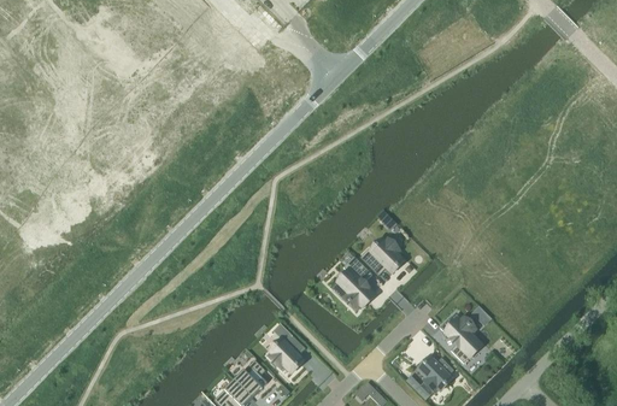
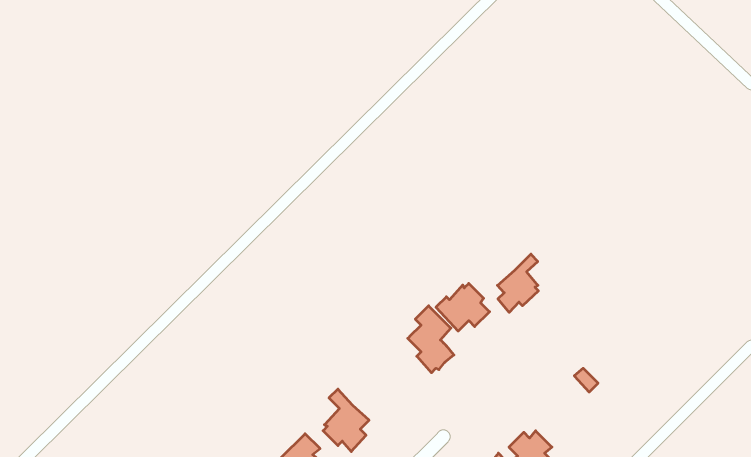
building: none -> [497,254,538,312]
building: [440,313,480,363] -> none

